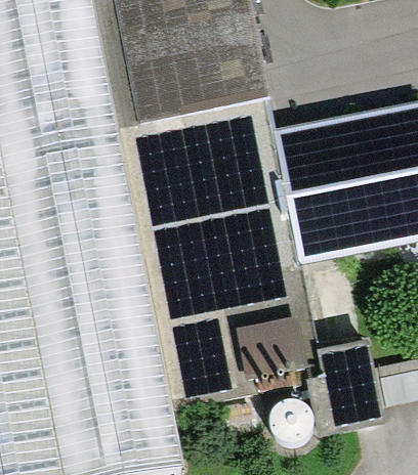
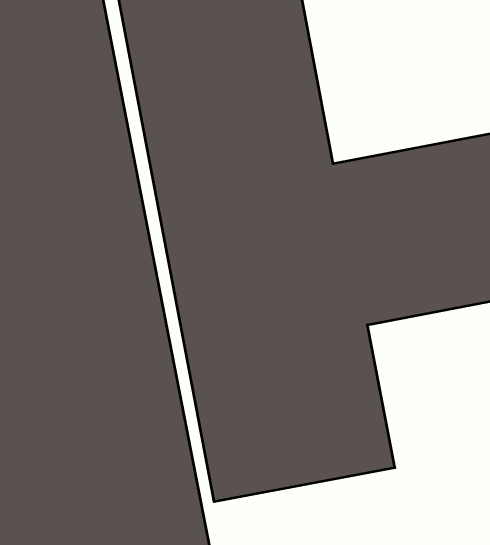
building: [320,340,386,428] -> none

